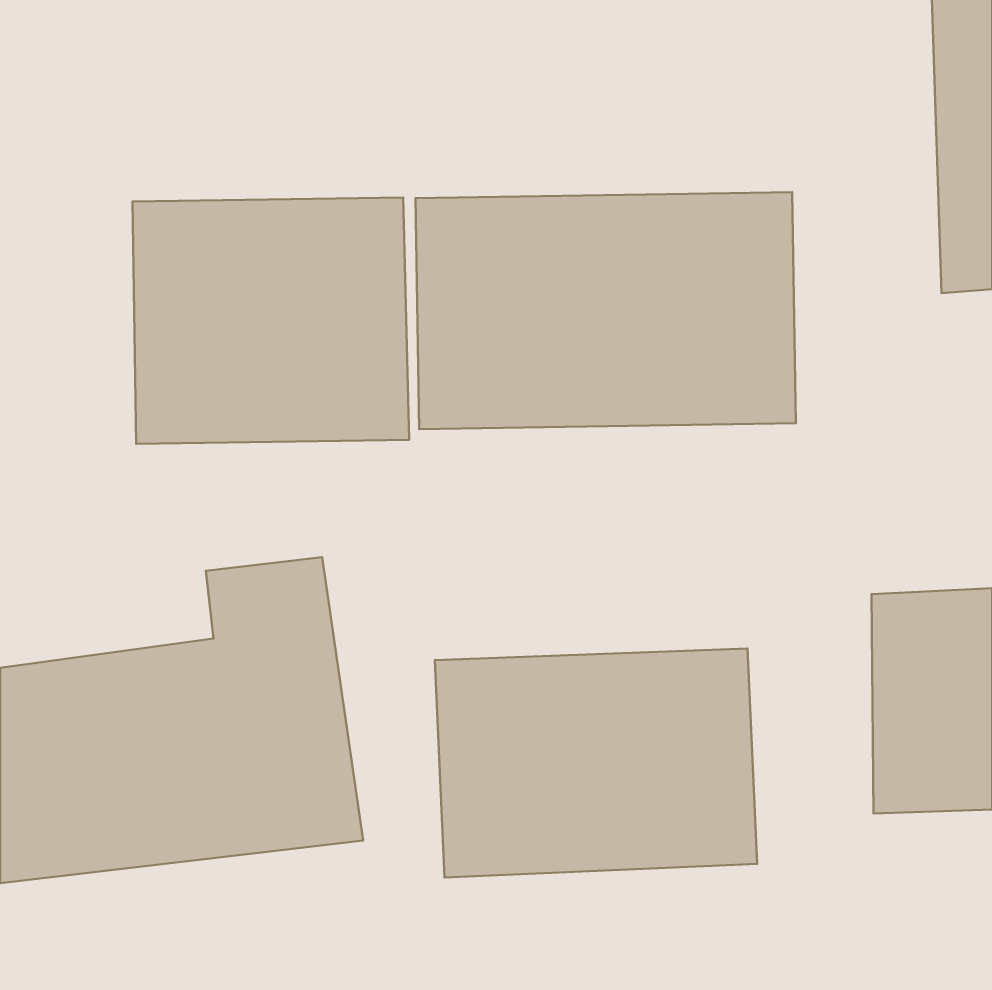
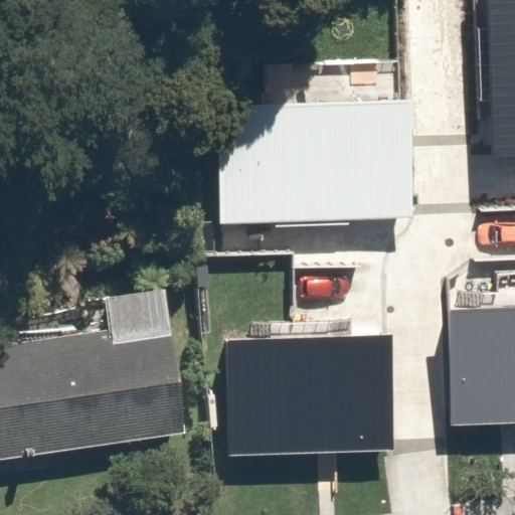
building: [132,197,409,444] -> none

